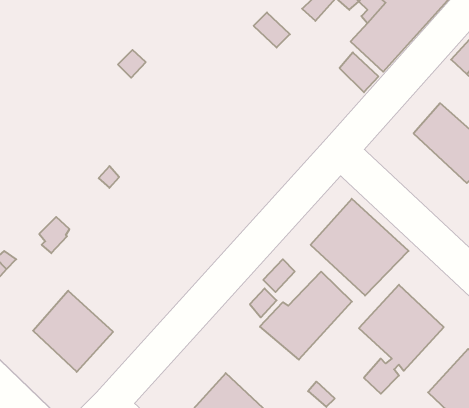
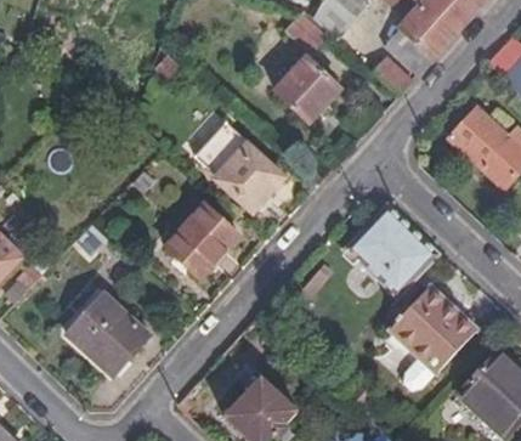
building: none -> [277,58,340,123]
building: none -> [196,119,284,210]
building: none -> [160,198,238,276]
building: [260,272,352,360] -> none

